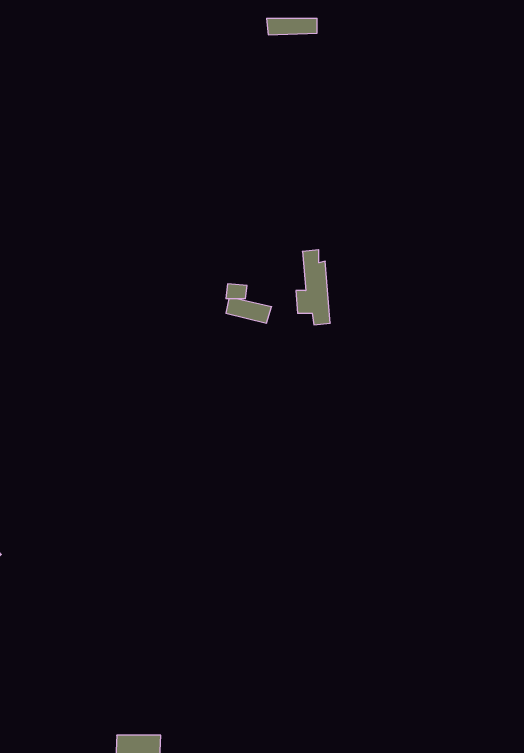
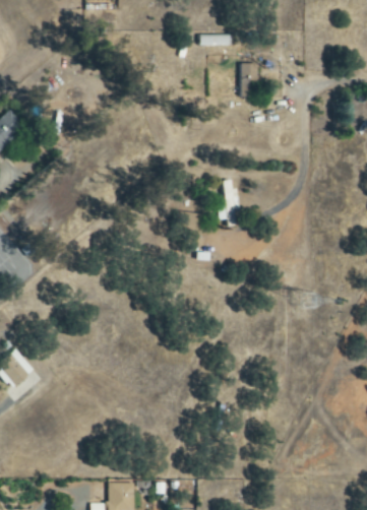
building: none -> [240,62,259,97]

